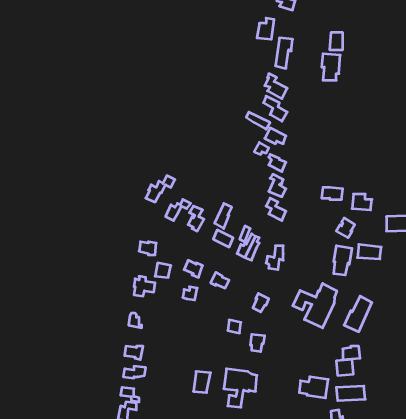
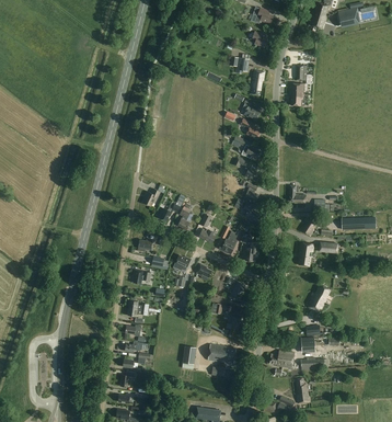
building: [293,283,337,328] -> none

